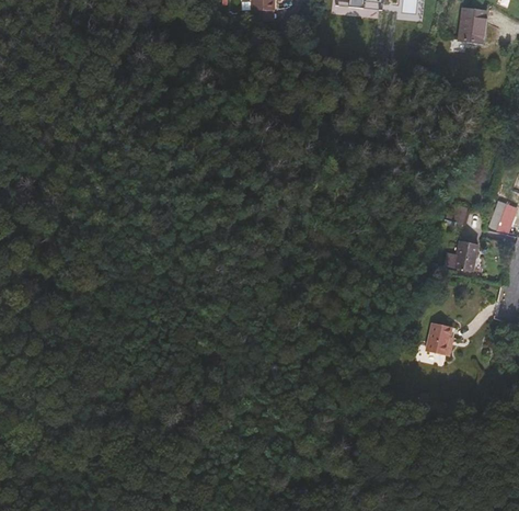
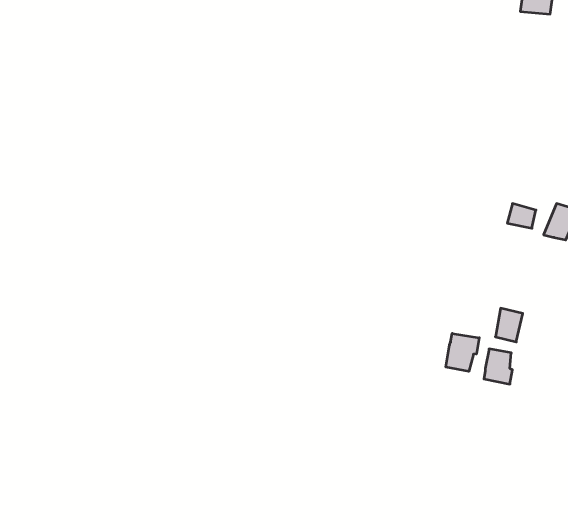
building: [455,243,478,272] -> [495,308,523,342]
building: none -> [446,333,479,371]

